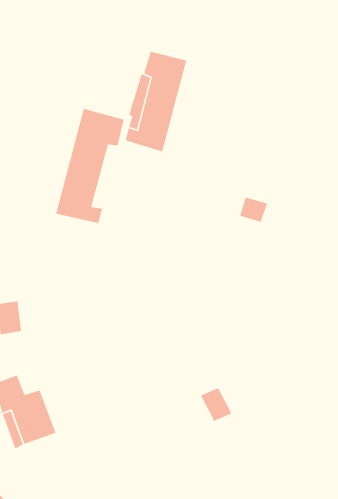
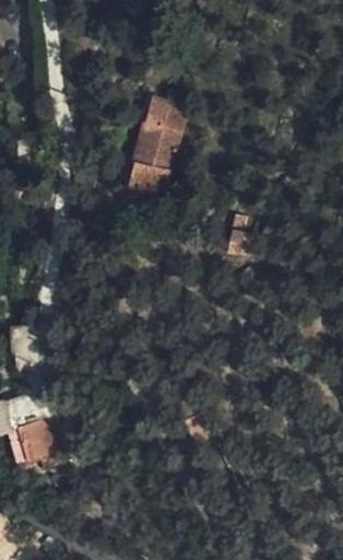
building: [55,108,124,224] -> none

